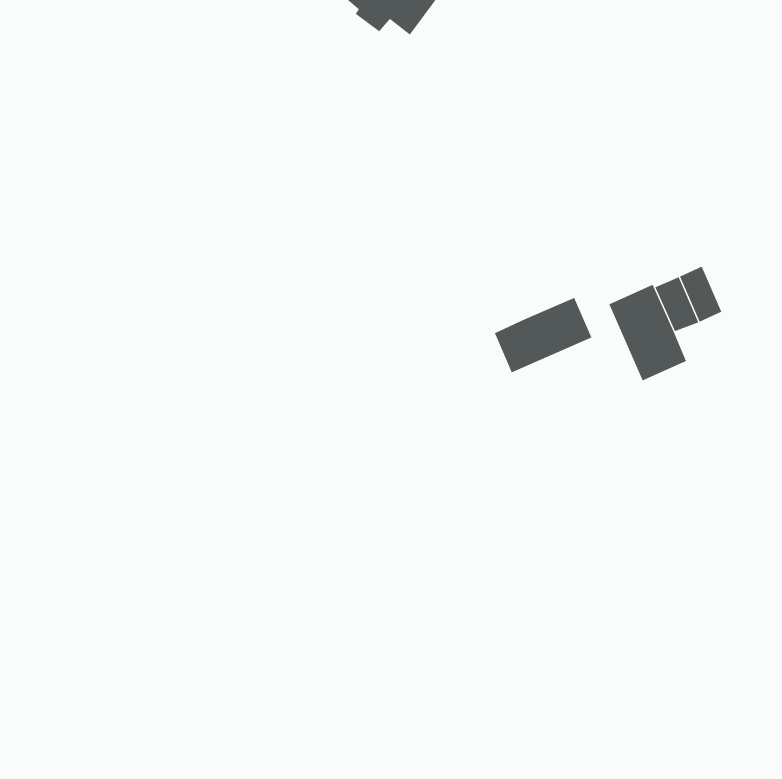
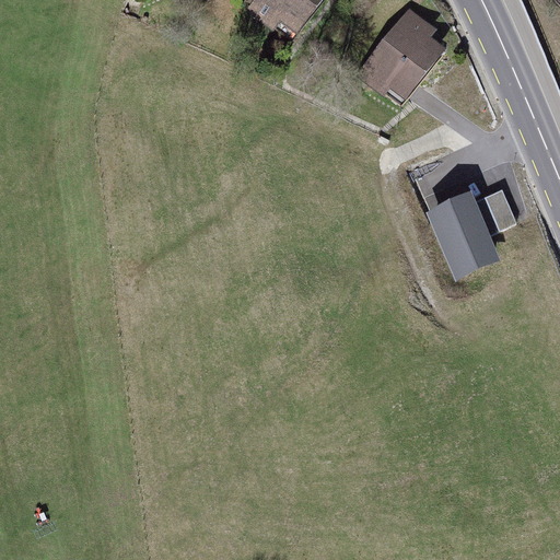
building: none -> [370,16,434,91]
building: [494,297,592,373] -> none

